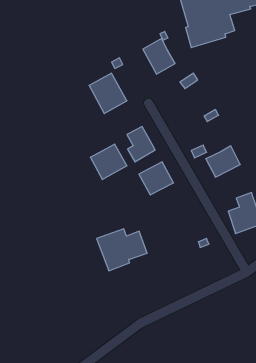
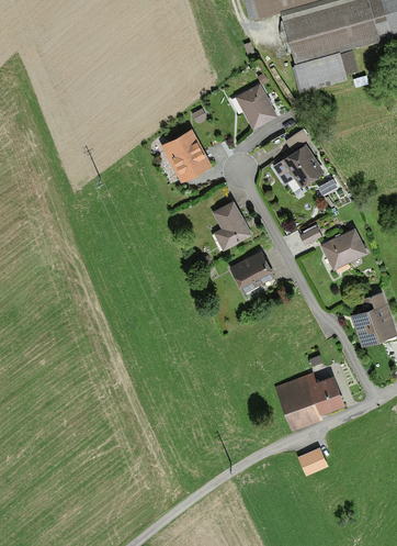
building: none -> [272,145,324,189]
building: [90,144,127,180] -> none
building: [97,229,147,271] -> [275,374,344,431]
building: none -> [297,448,327,476]

